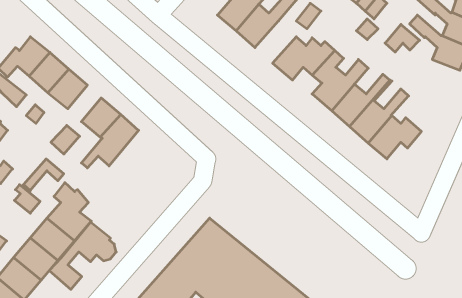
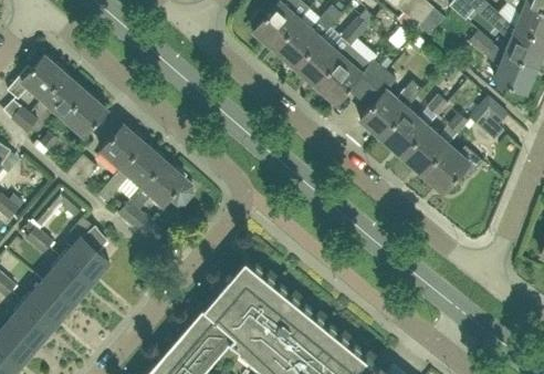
building: none -> [294,38,341,85]
building: [385,24,420,52] -> [470,97,509,128]
building: [49,222,116,289] -> [117,160,192,236]

